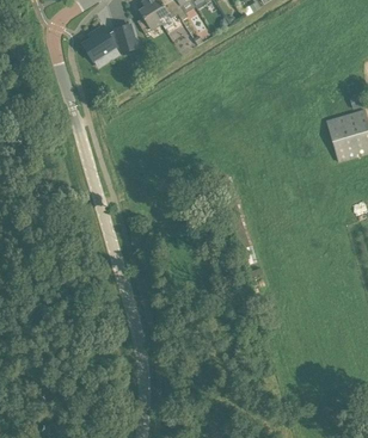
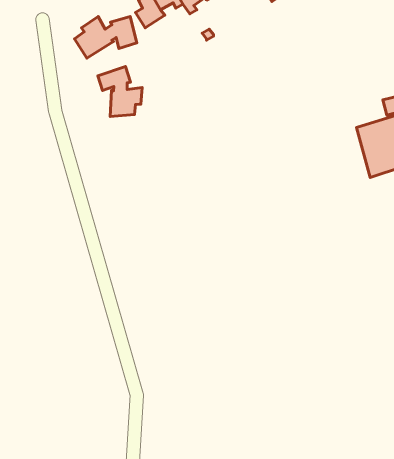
building: none -> [98,67,142,116]

